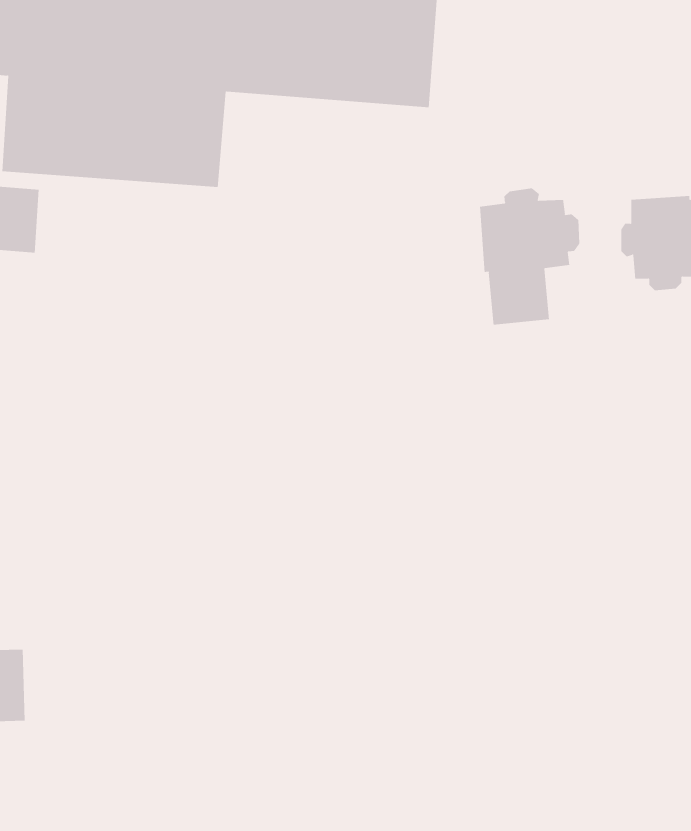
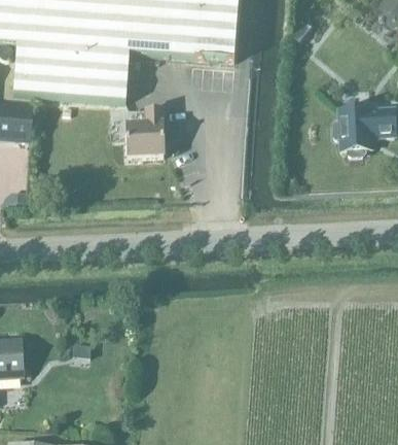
building: [480,188,580,325] -> none
building: none -> [124,106,164,155]

